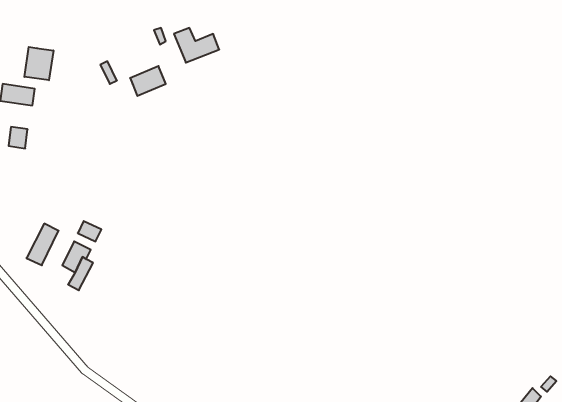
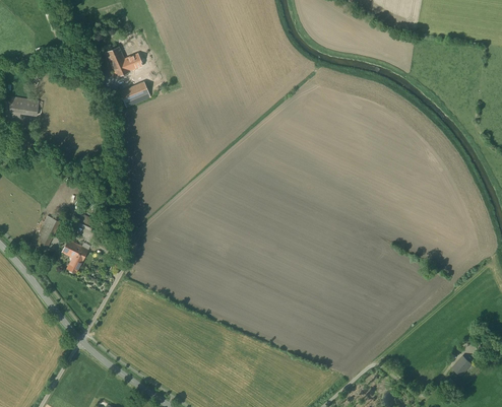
building: [174,28,219,63] -> [105,48,143,77]
building: [24,47,53,80] -> none

